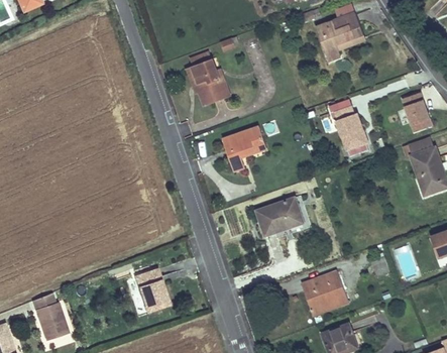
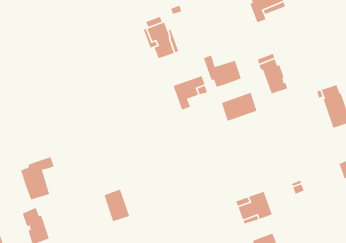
building: [402,92,432,131] -> none
building: none -> [203,55,242,88]
building: [256,198,303,235] -> [221,92,258,122]
building: none -> [20,156,55,201]

